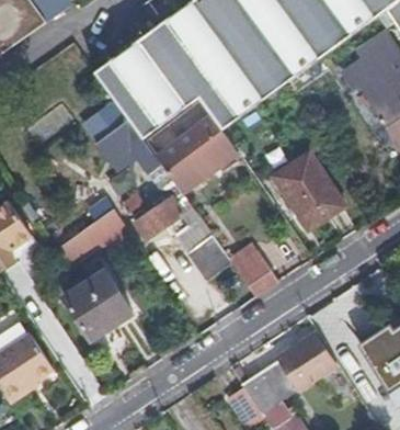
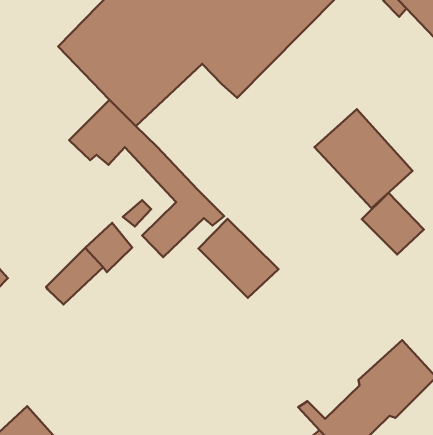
building: [157,120,237,195] -> none
building: [233,250,278,297] -> [362,193,424,255]
building: [62,271,132,342] -> none

